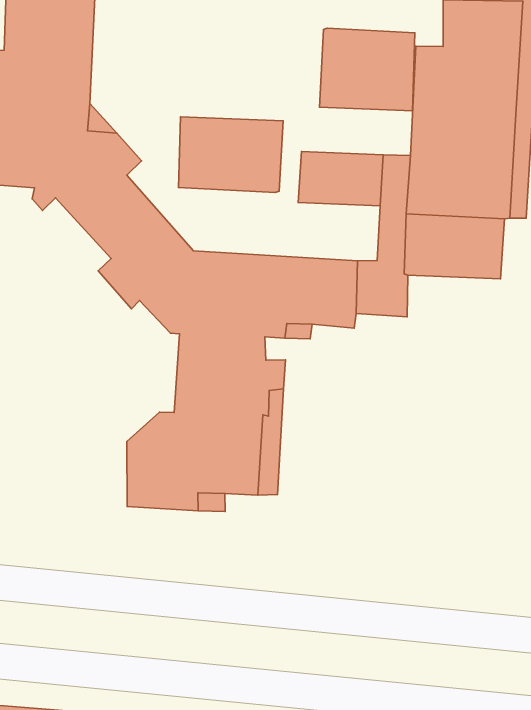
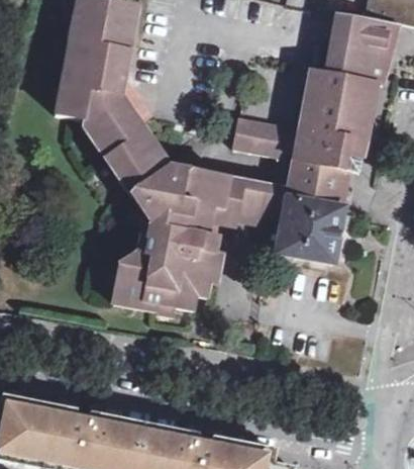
building: [320,28,415,111] -> none
building: [179,117,283,192] -> none
building: none -> [281,192,345,258]

